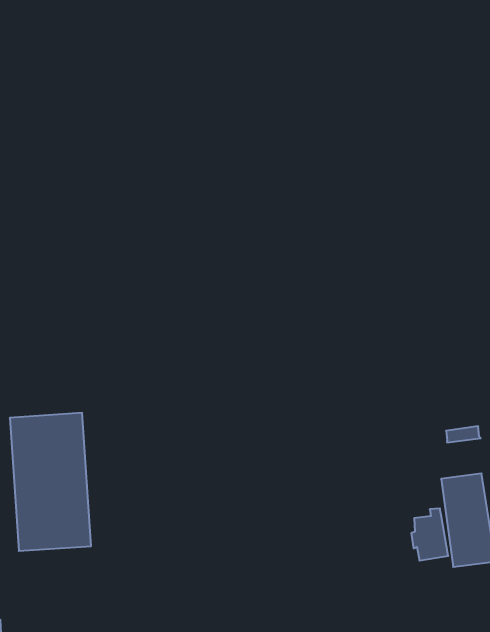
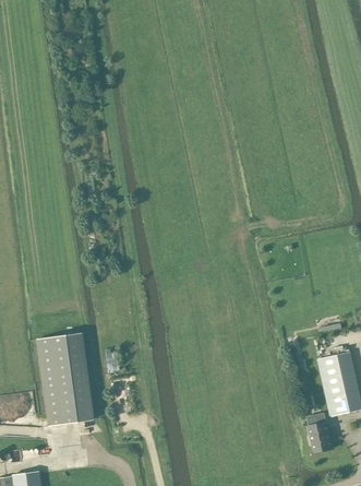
building: [411,508,448,561] -> [309,417,334,452]

